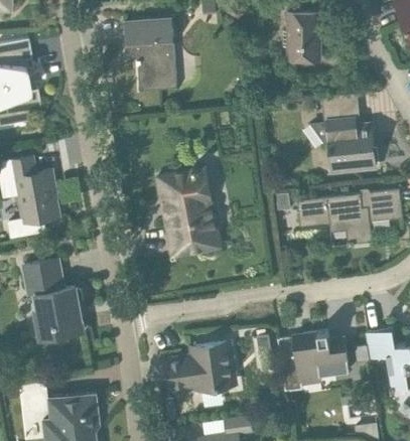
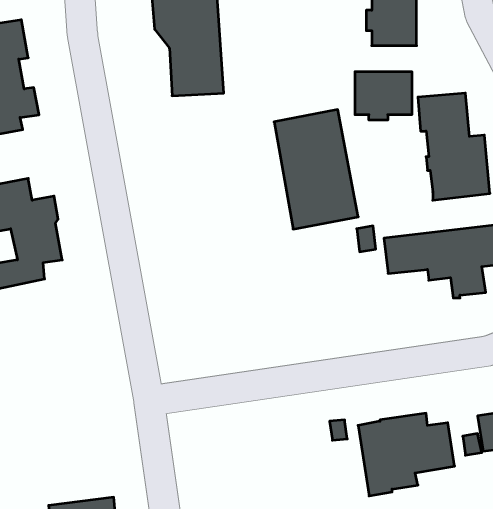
building: none -> [355,72,412,120]
building: [157,167,220,256] -> [274,110,358,229]
building: [23,259,83,338] -> none
building: [168,341,231,389] -> none

